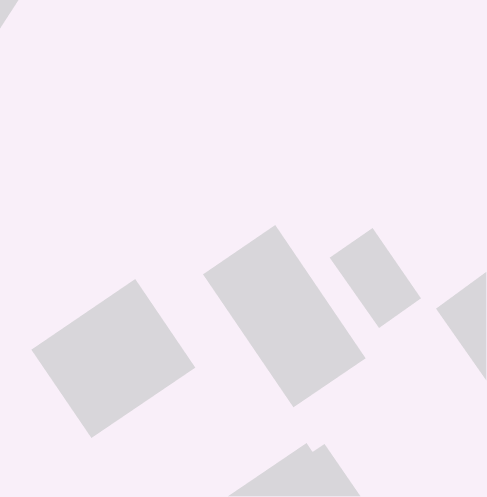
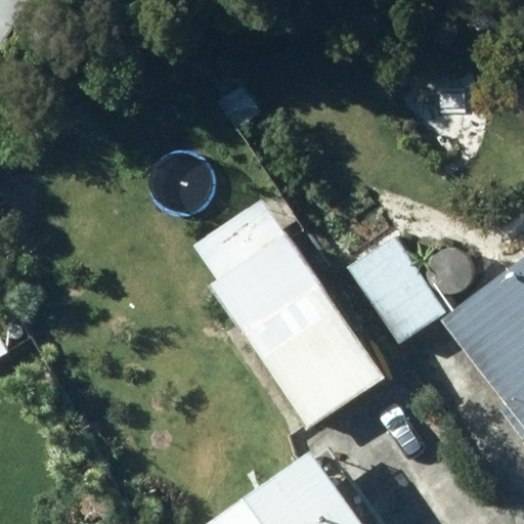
building: [30,278,197,439] -> none

